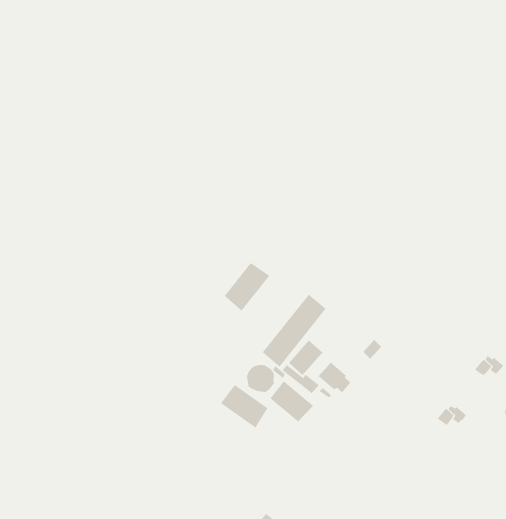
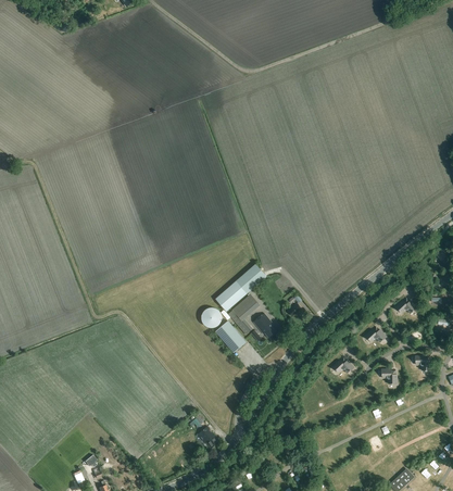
building: [224,262,270,312] -> none
building: [220,384,268,428] -> none

